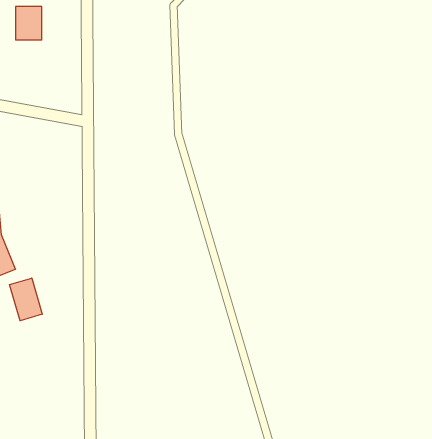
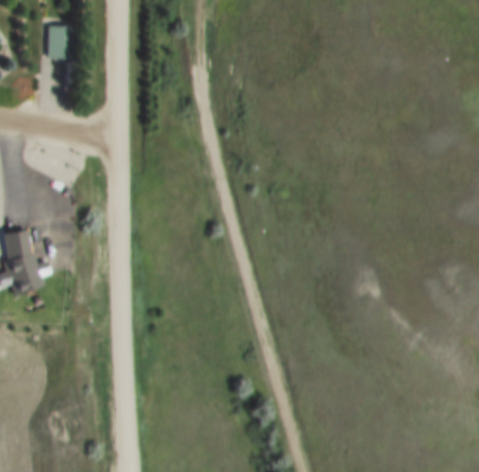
building: [10,278,42,321] -> none

